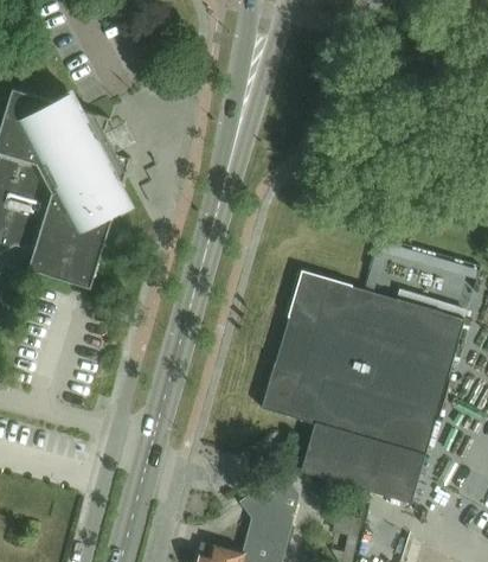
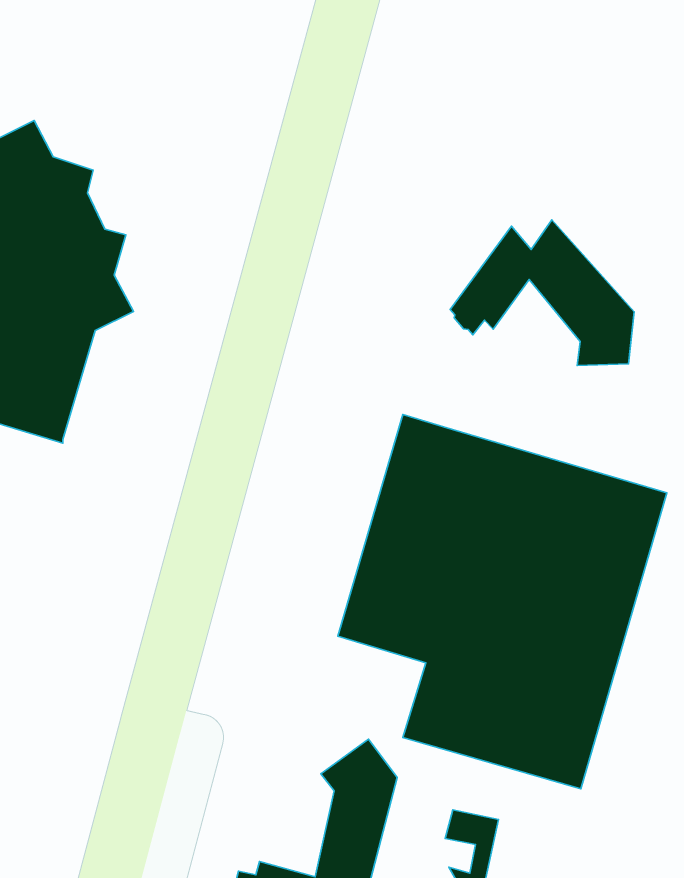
building: none -> [450,220,634,365]

